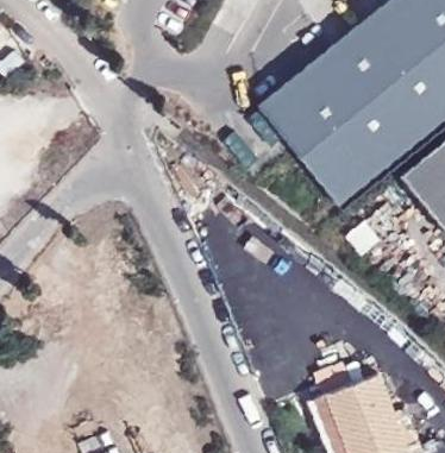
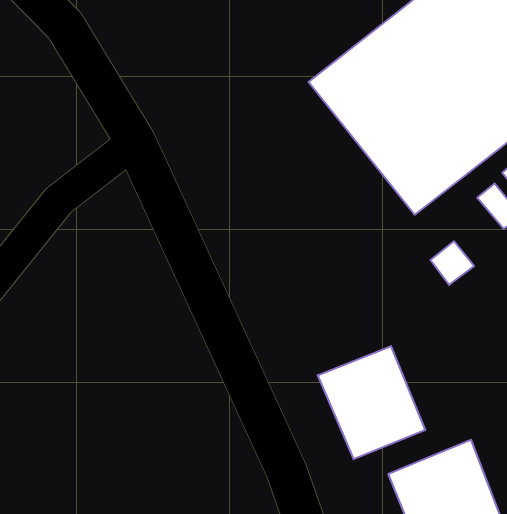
building: none -> [318,346,425,459]

